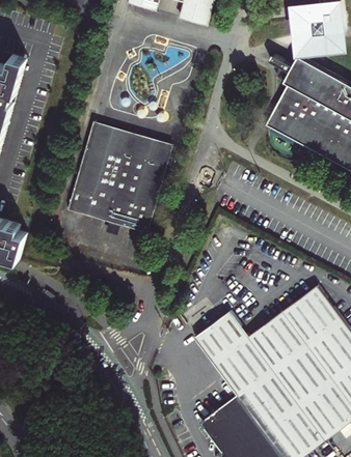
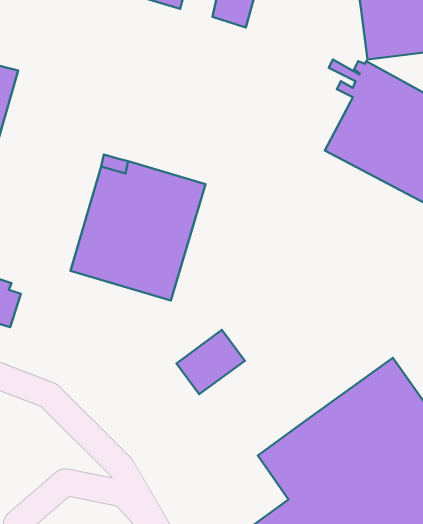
building: [194,310,247,360] -> [176,330,245,394]

